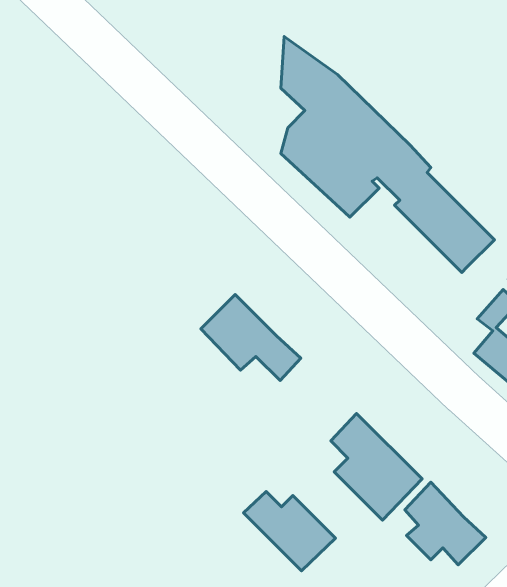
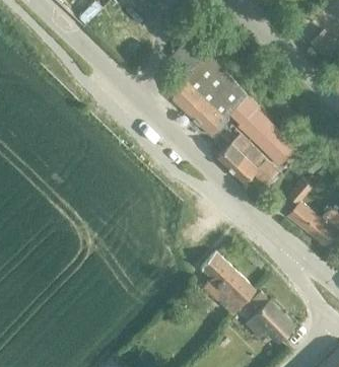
building: [201,295,301,381] -> [219,137,278,188]
building: [244,492,336,571] -> none

